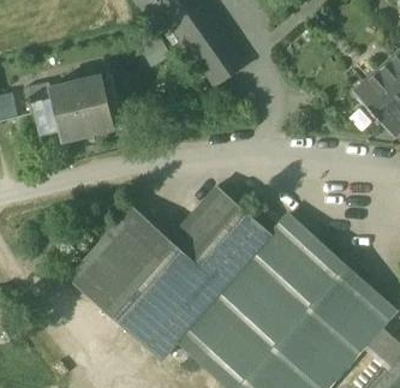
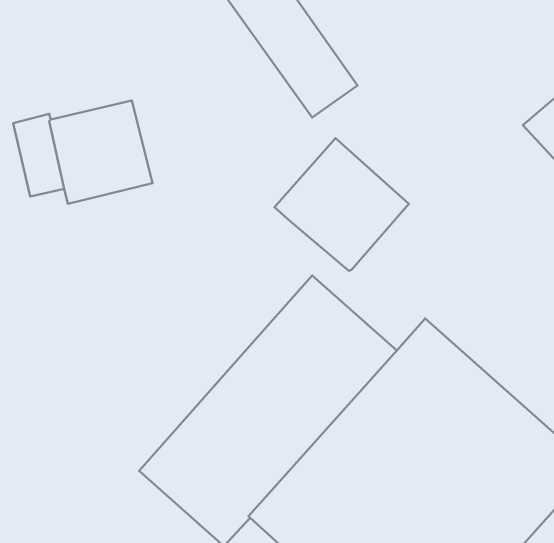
building: none -> [275,138,409,271]
building: [70,205,171,311] -> none

